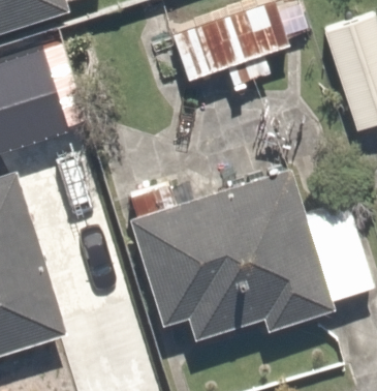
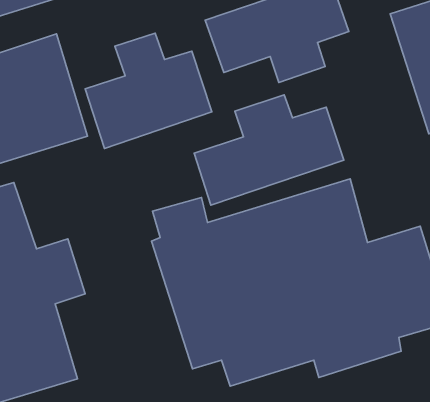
building: none -> [85,33,212,148]
building: none -> [194,95,344,205]

